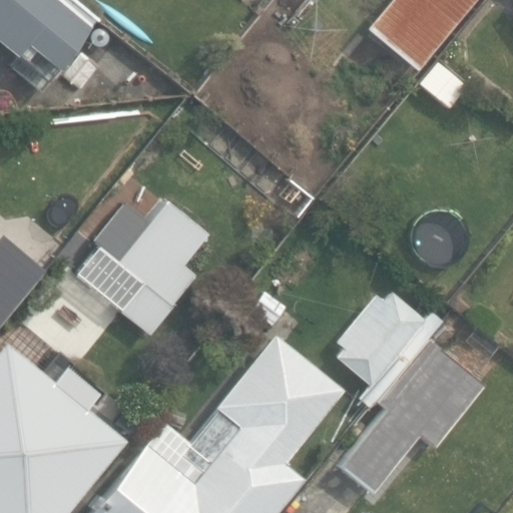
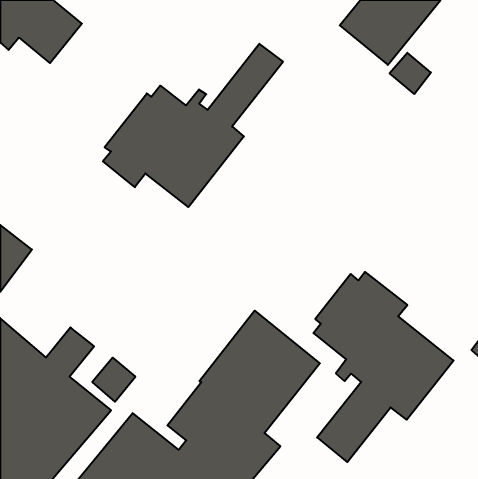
building: none -> [103,44,283,207]
building: [56,202,207,335] -> none

